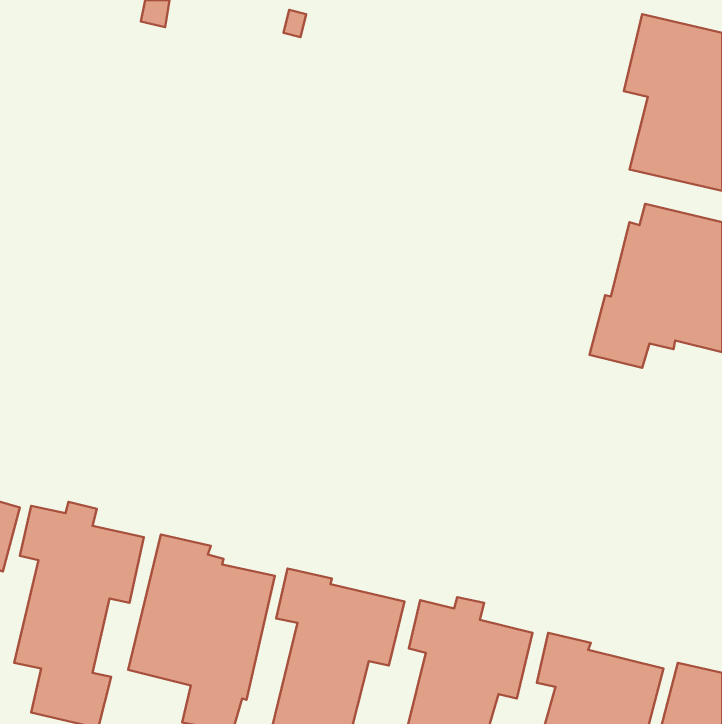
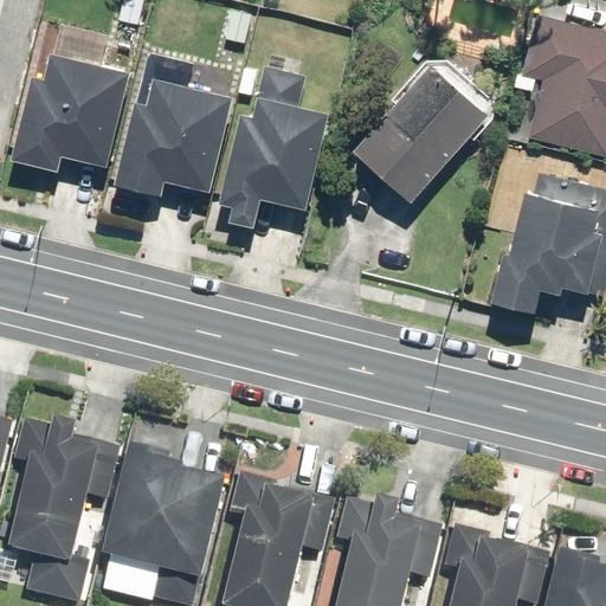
building: none -> [11,51,129,169]
building: none -> [353,62,488,200]
building: none -> [219,66,329,226]
building: none -> [115,76,232,193]

